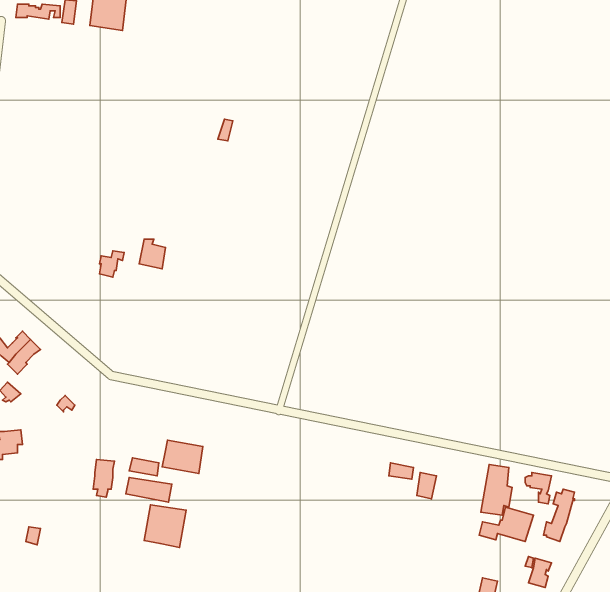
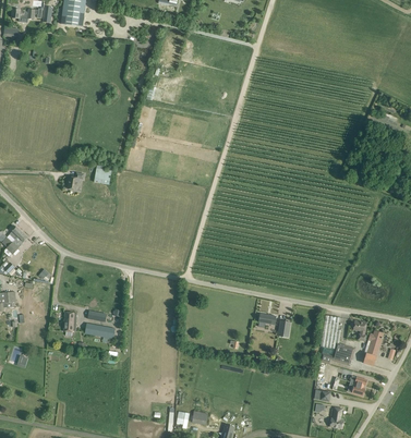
building: [162,440,203,474] -> none
building: [144,505,186,547] -> none

